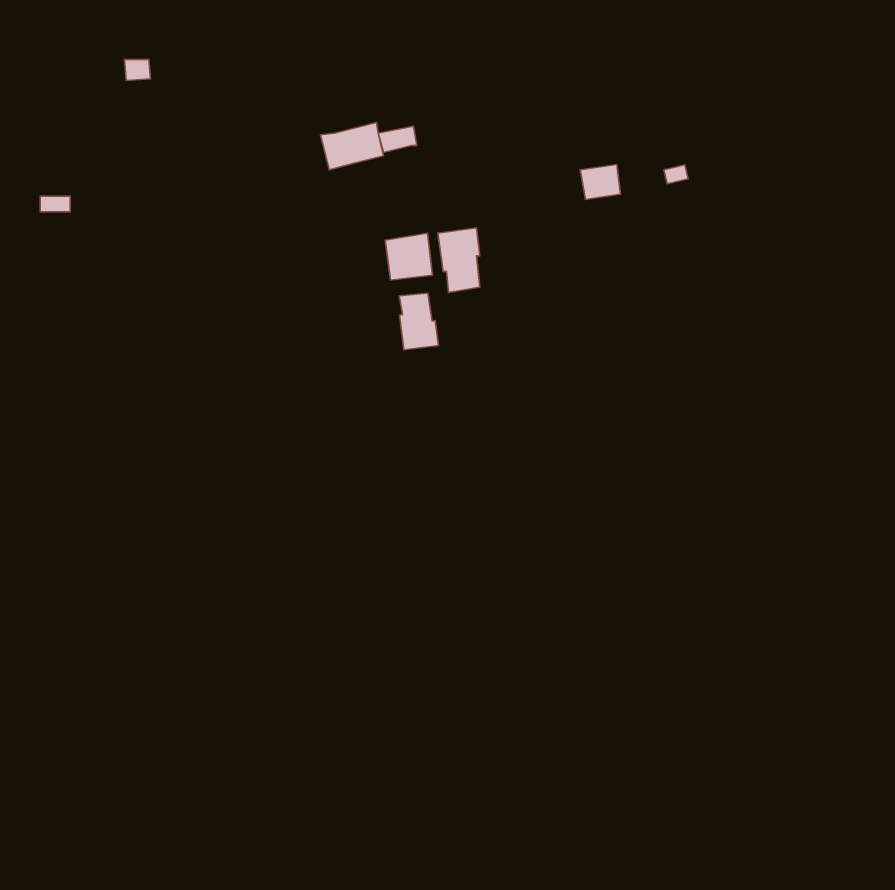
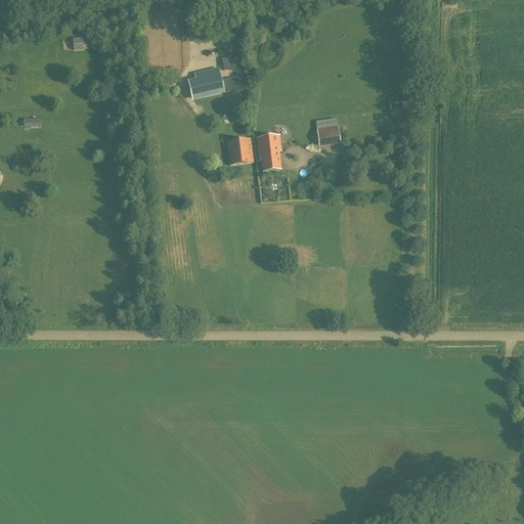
building: [580,164,620,200] -> [316,124,340,144]
building: [399,293,438,350] -> none

